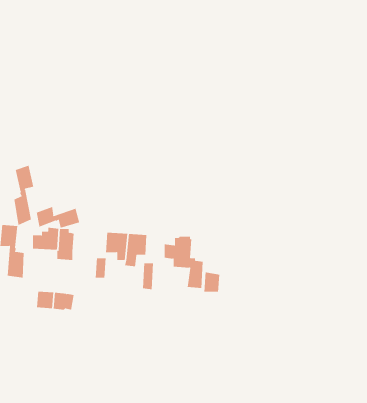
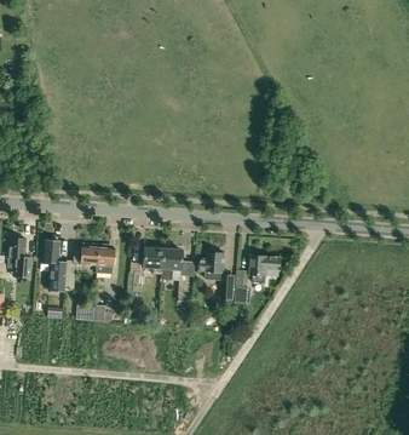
building: [14,165,34,226] -> none
building: [36,206,80,228] -> none
building: none -> [249,253,281,282]

